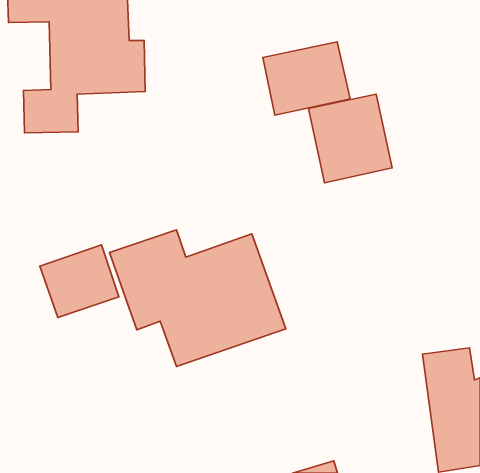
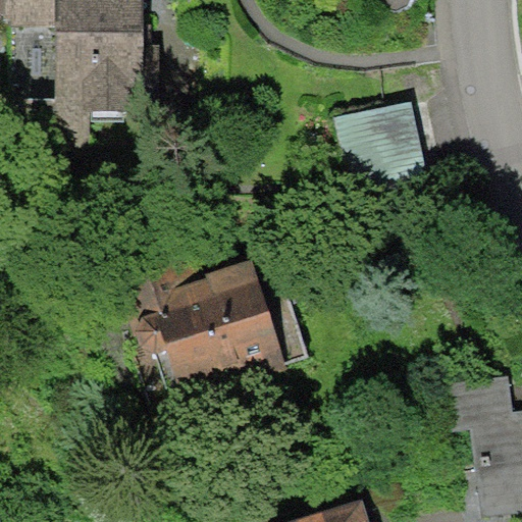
building: [263,42,350,115] -> none
building: [40,245,119,318] -> none

